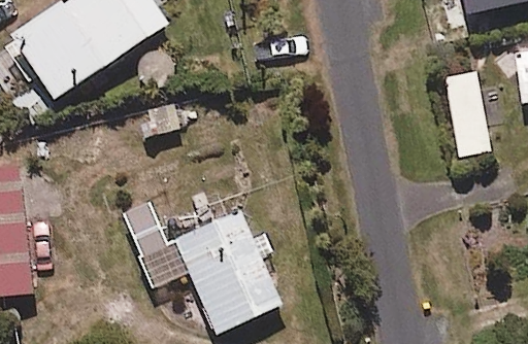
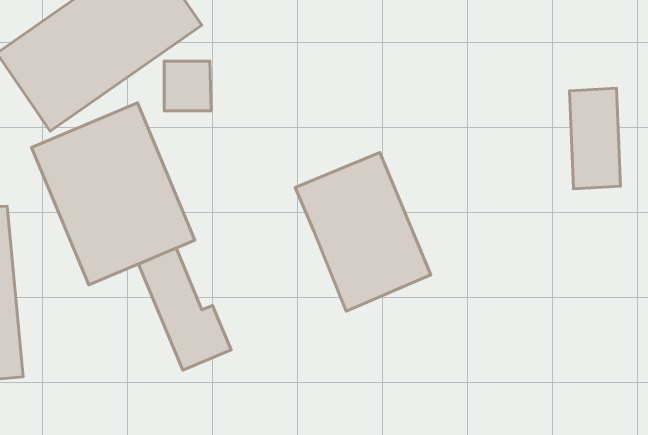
building: none -> [32,103,195,285]
building: [175,210,279,332] -> [295,153,431,311]

